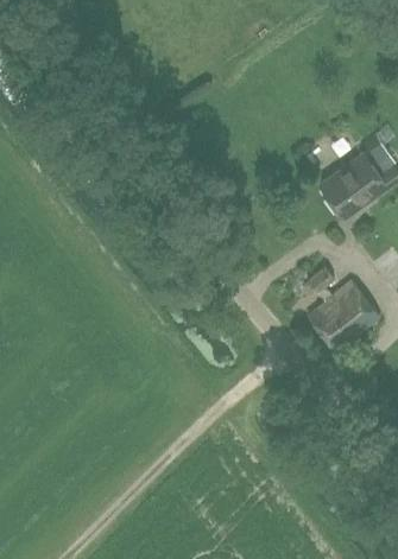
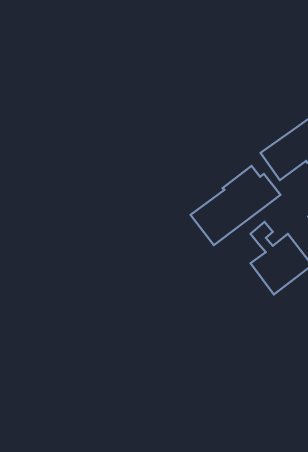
building: none -> [191,166,280,245]

